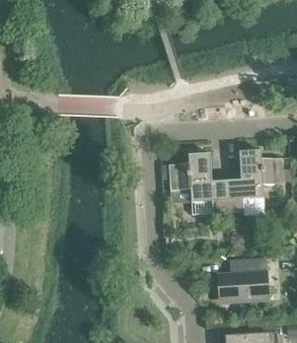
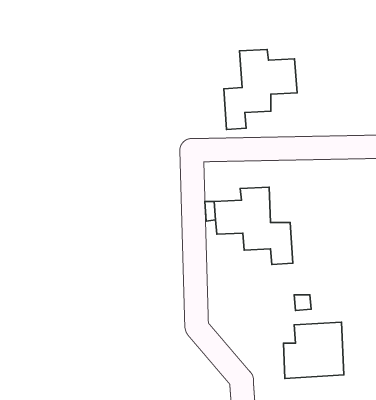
building: [226,150,283,212] -> [224,50,297,130]

